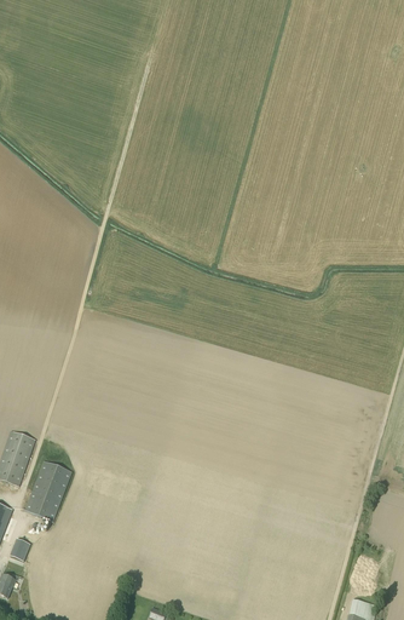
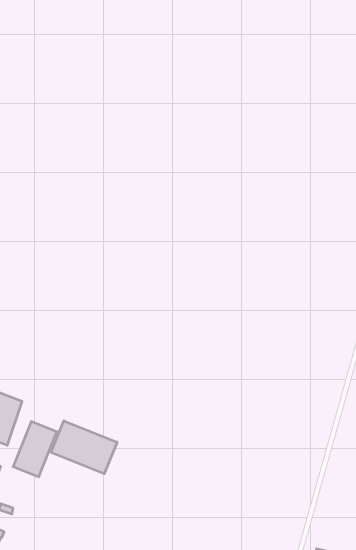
building: none -> [51,421,117,474]

